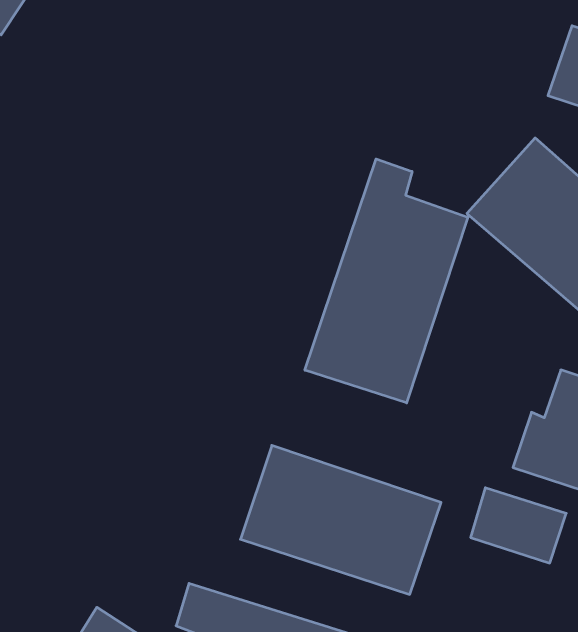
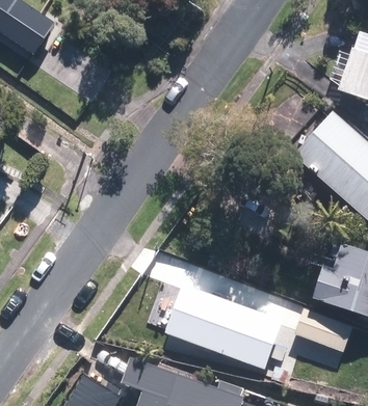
building: [305,159,468,403] -> none

